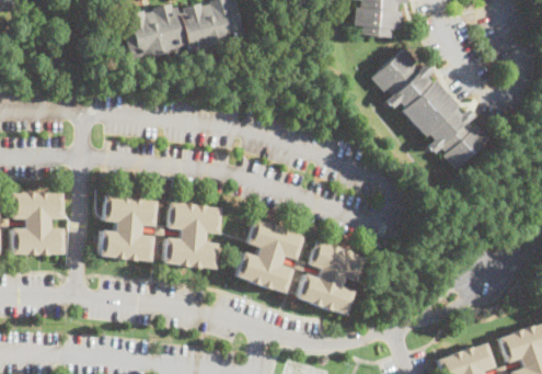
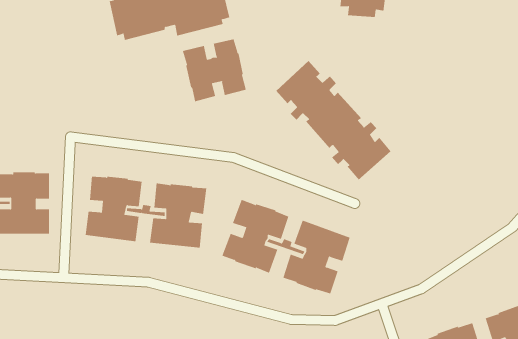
building: [372,47,488,168] -> [276,60,391,181]
building: none -> [182,39,247,102]

